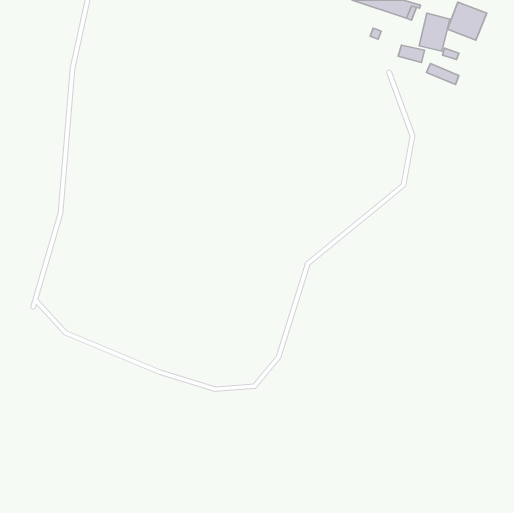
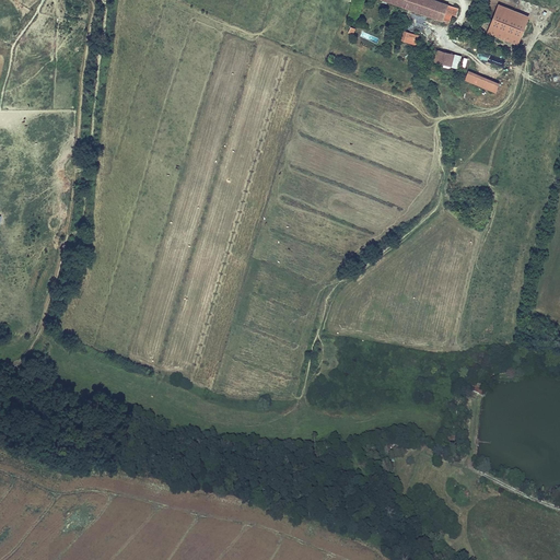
building: [419,13,450,51] -> none

